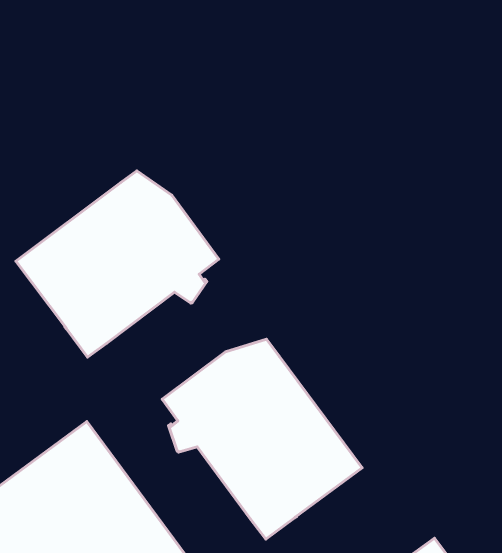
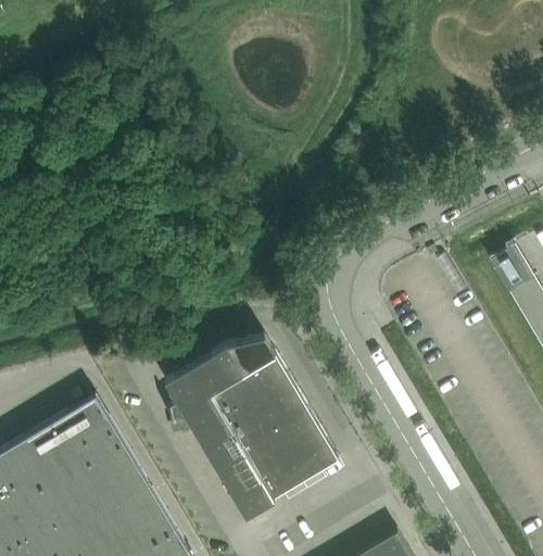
building: [16,171,219,357] -> none

